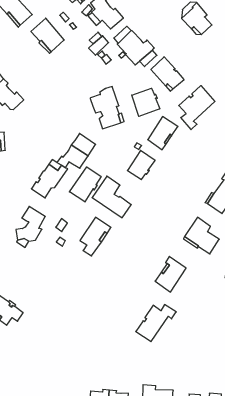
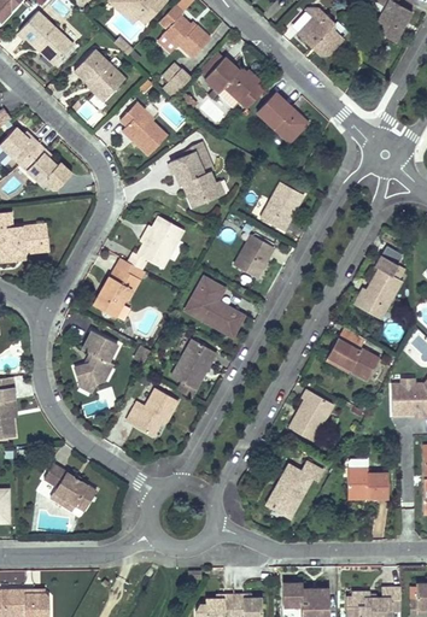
building: none -> [119,102,166,154]
building: [179,86,215,130] -> none
building: [132,88,160,116] -> none
building: [69,167,101,202] -> none
building: none -> [125,387,177,435]
building: none -> [347,468,388,498]

